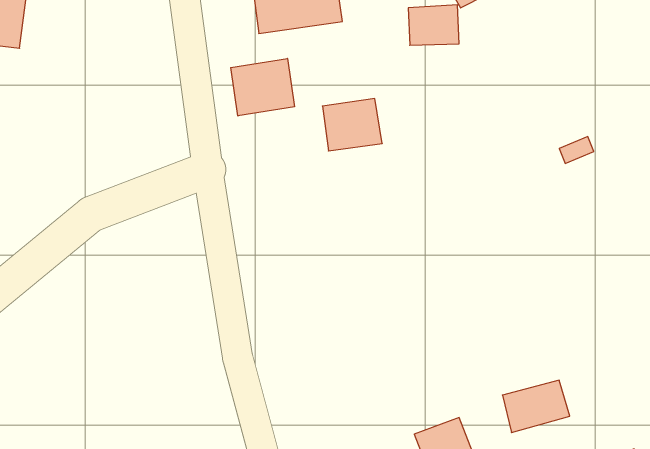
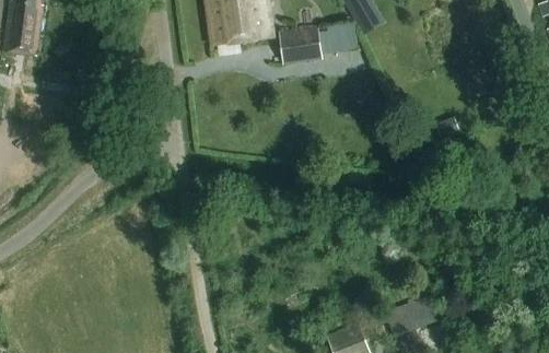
building: [231,58,294,116] -> none
building: [322,99,382,151] -> [277,27,320,66]

